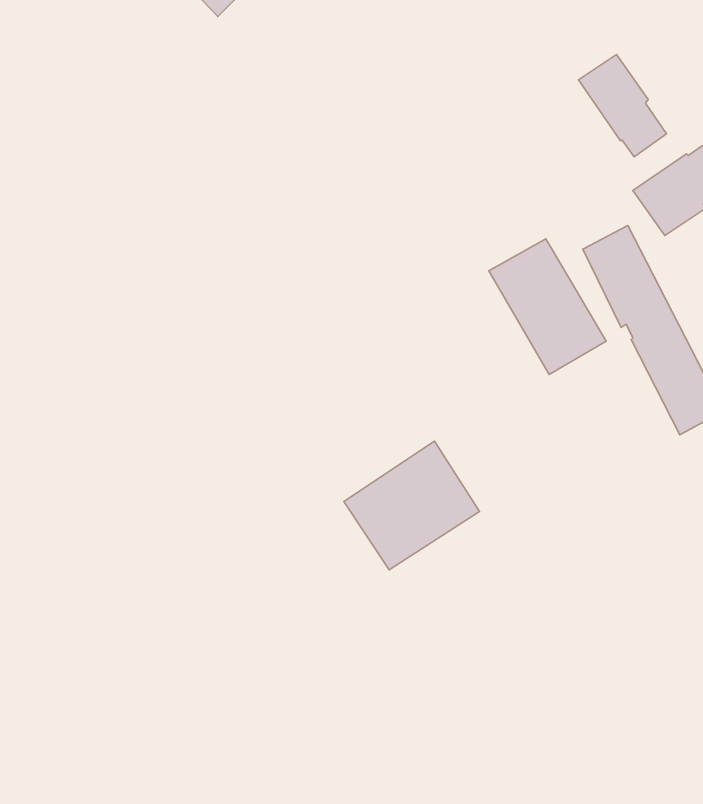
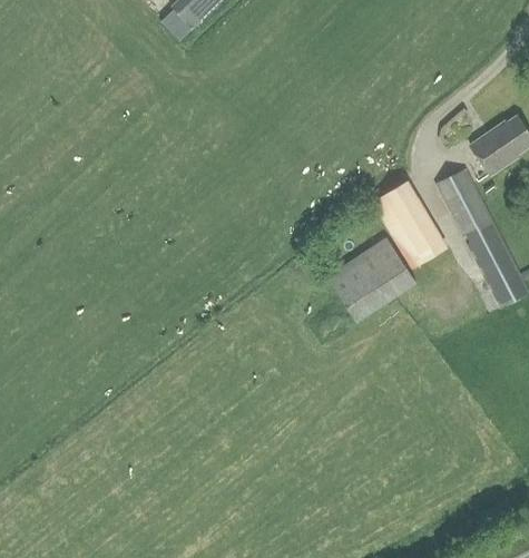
building: [578,55,667,157] -> none
building: [344,441,480,570] -> [324,236,414,322]

